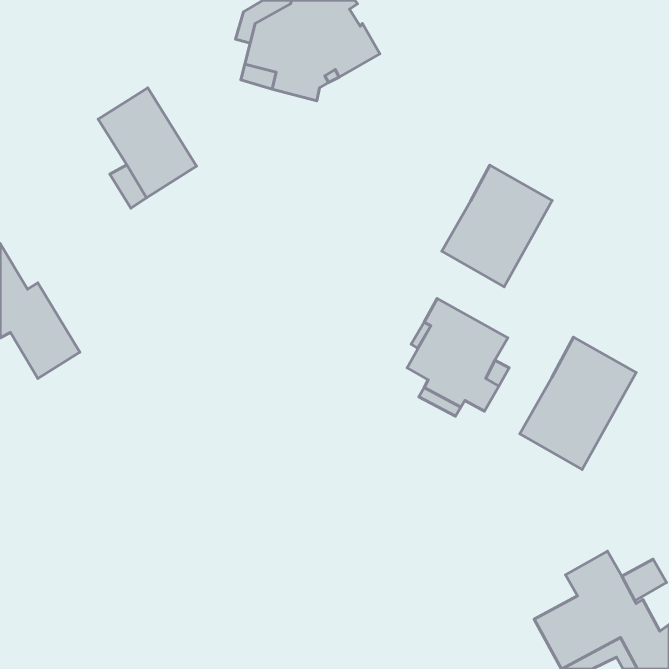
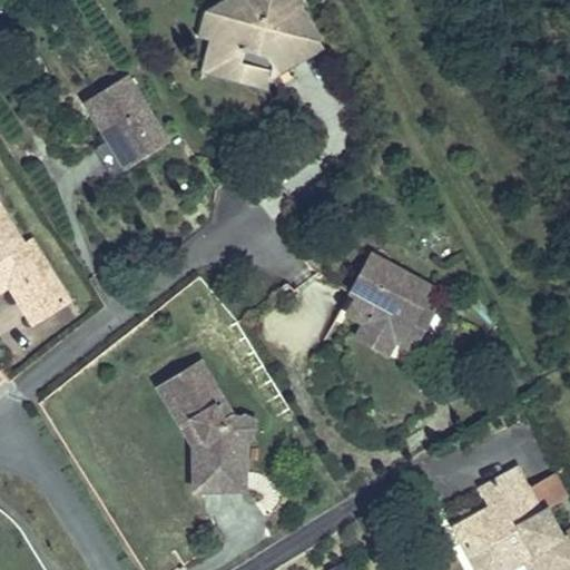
building: [442,165,552,287] -> none
building: [520,337,636,470] -> none
building: none -> [158,362,254,490]

